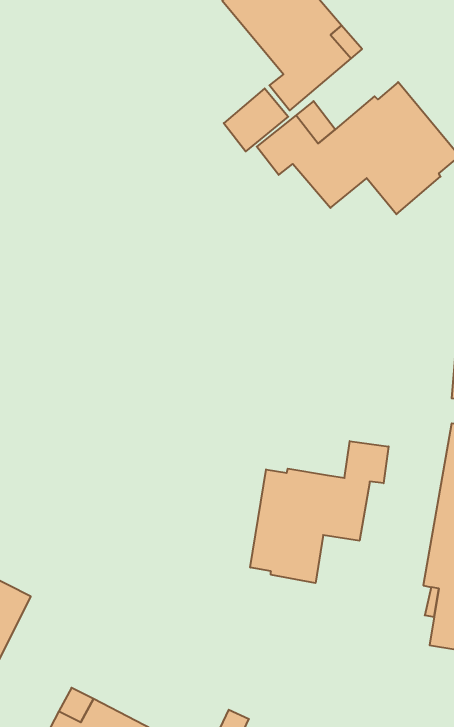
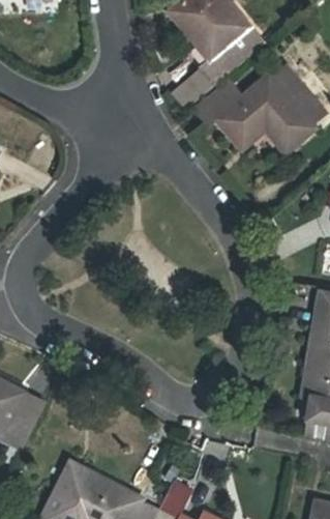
building: [250,441,389,583] -> none

